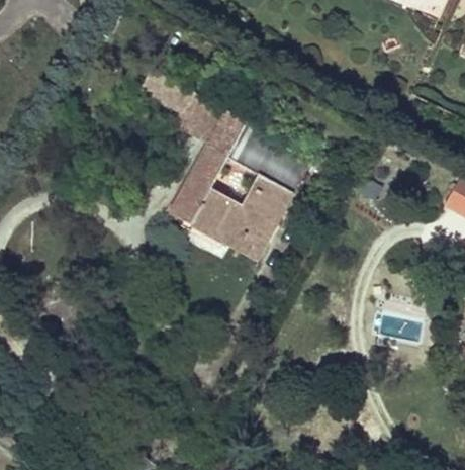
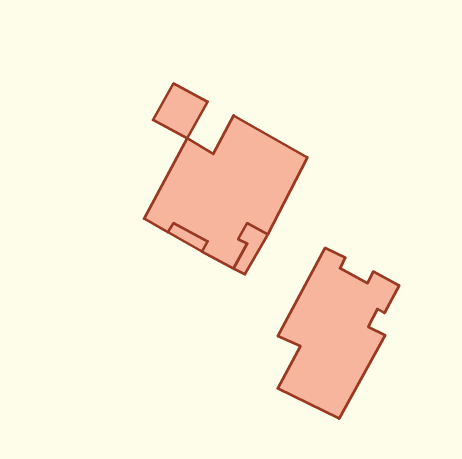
building: none -> [278,248,399,419]

